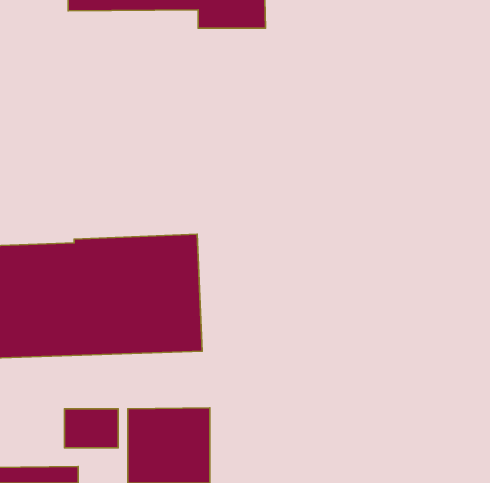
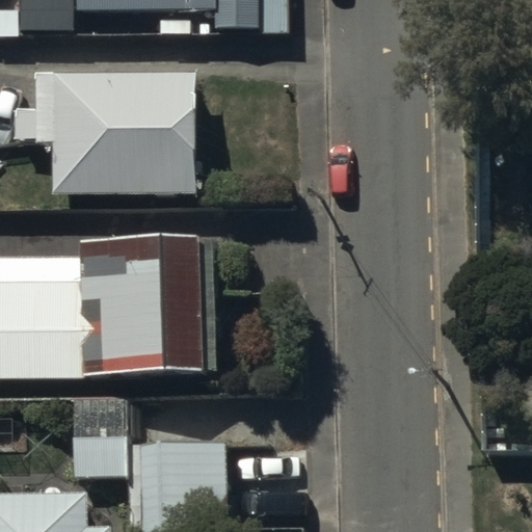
building: none -> [10,65,195,198]

